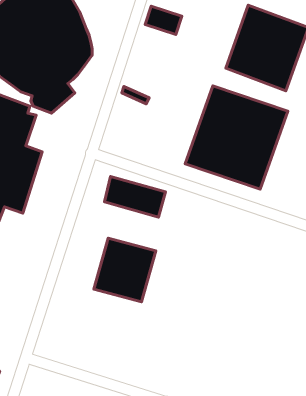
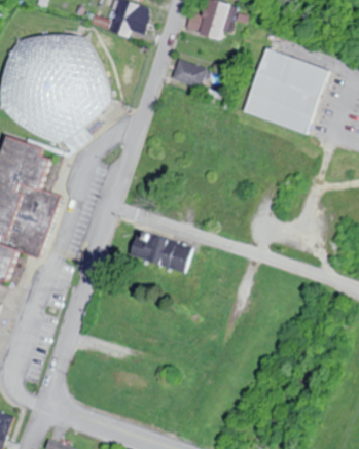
building: [185,86,288,189] -> none
building: [94,238,156,302] -> none

